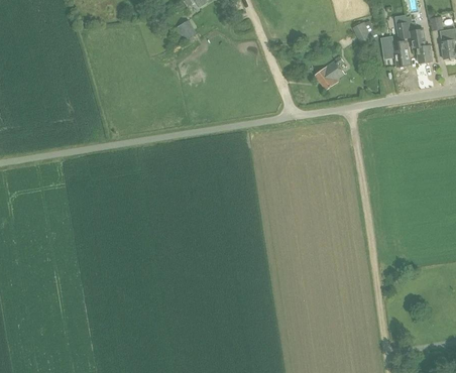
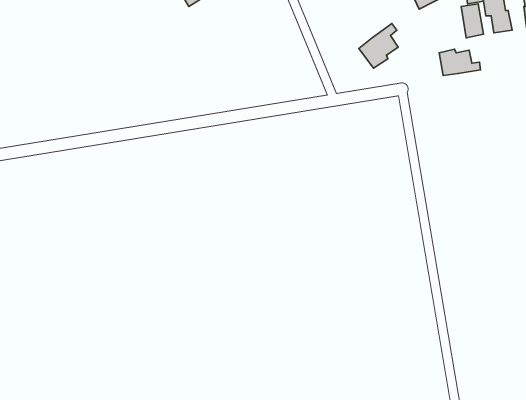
building: none -> [439,49,480,75]

